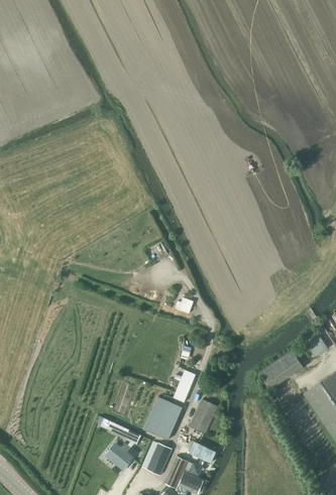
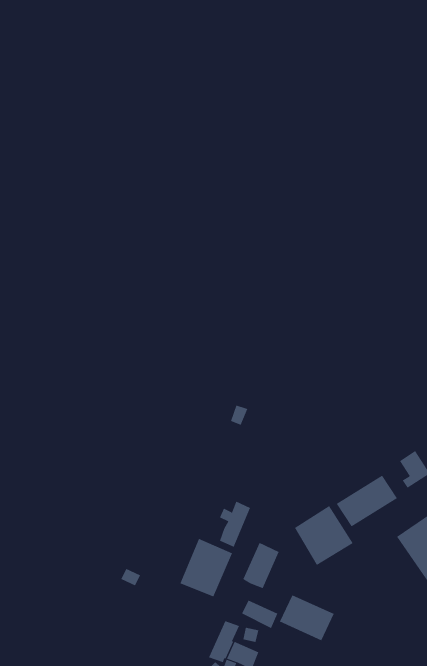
building: none -> [294,505,353,566]
building: [106,428,141,470] -> none
building: none -> [279,594,334,641]
building: [141,442,172,475] -> none

